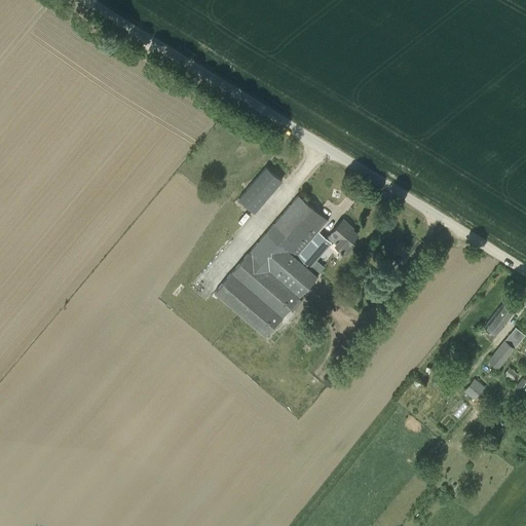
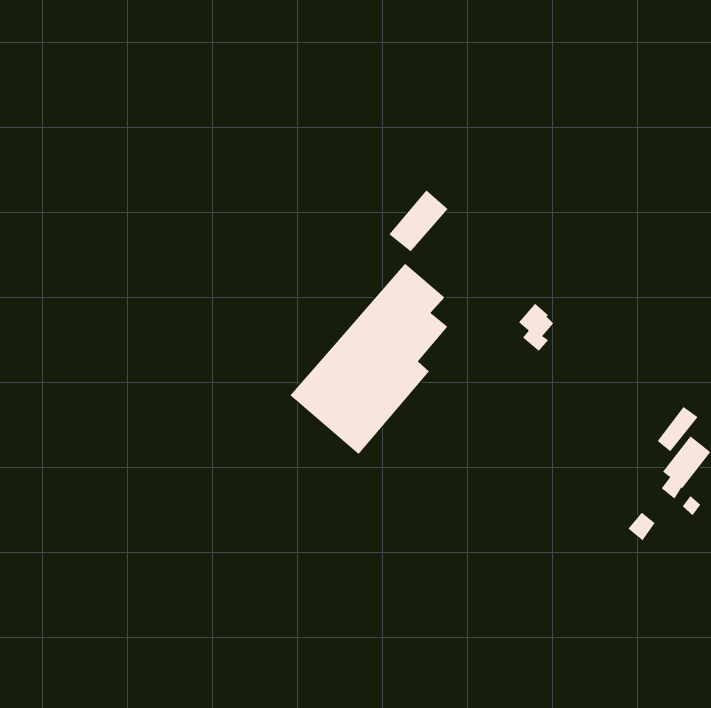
building: [238,167,283,214] -> [389,190,448,252]
building: [331,220,358,256] -> [518,303,554,351]

